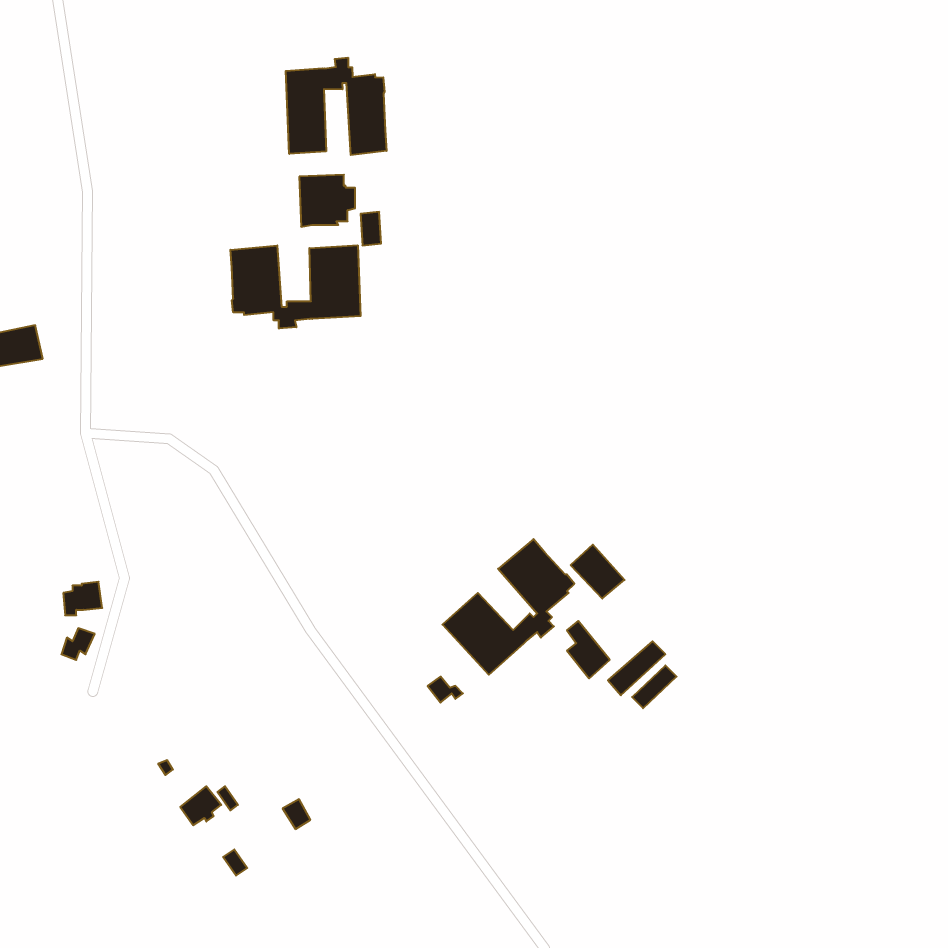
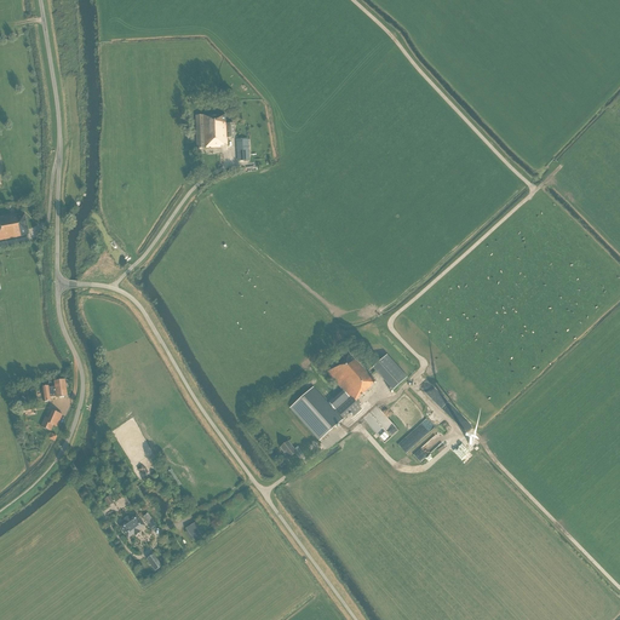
building: [286,58,387,155] -> none
building: [230,245,361,329] -> none

